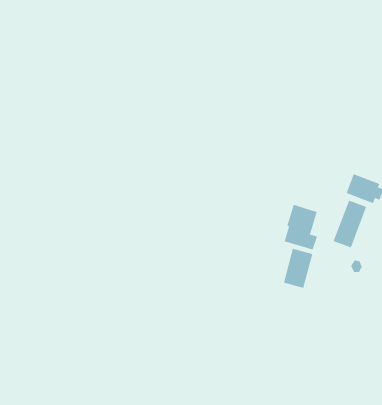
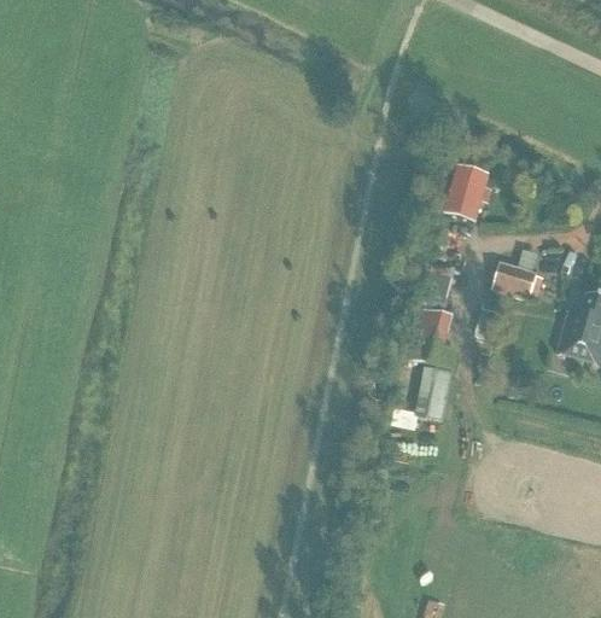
building: none -> [444,162,492,217]
building: [333,200,367,248] -> none

